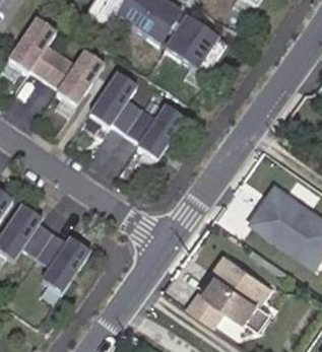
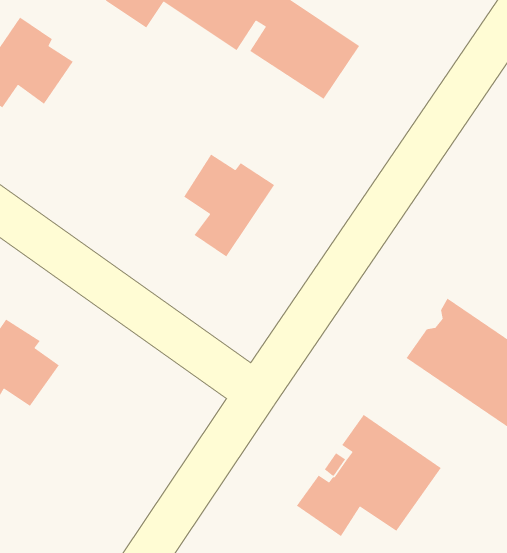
building: [42,52,95,113] -> none
building: [80,79,139,133] -> none
building: [34,229,87,289] -> none

